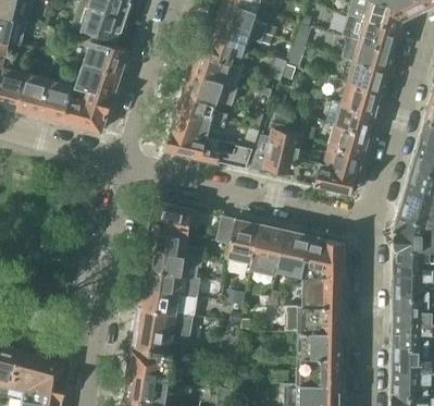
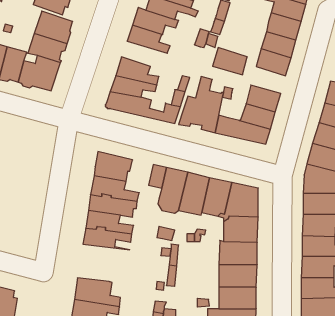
building: [184,73,237,102] -> none
building: [334,102,374,134] -> [213,48,247,75]
building: [133,309,200,353] -> none

